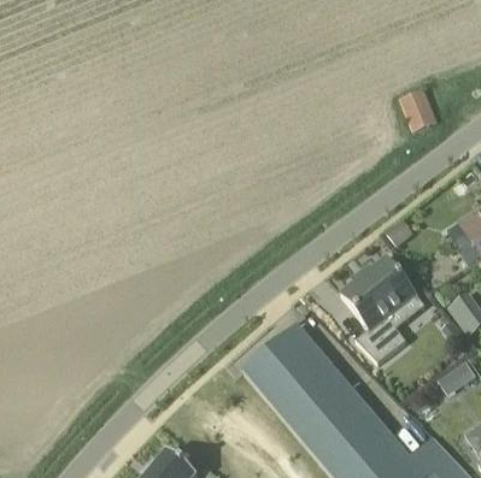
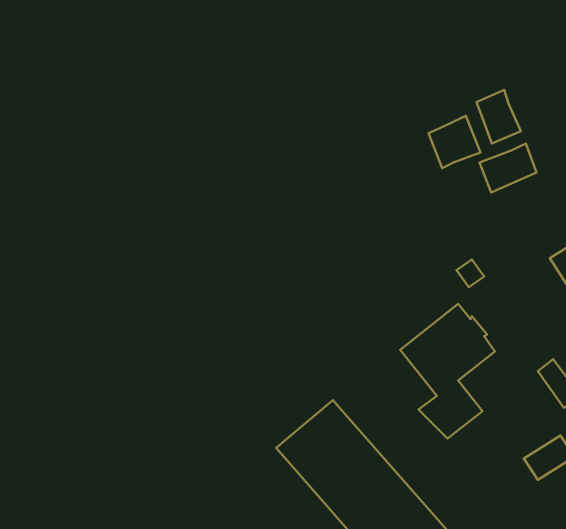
building: none -> [429,116,480,168]
building: none -> [479,144,536,192]

